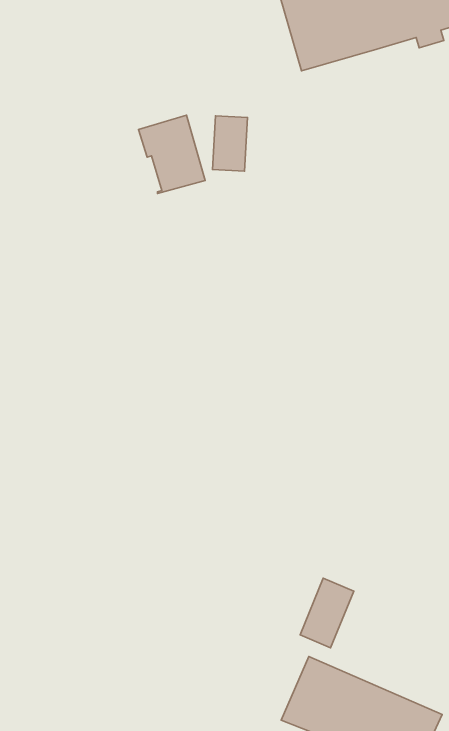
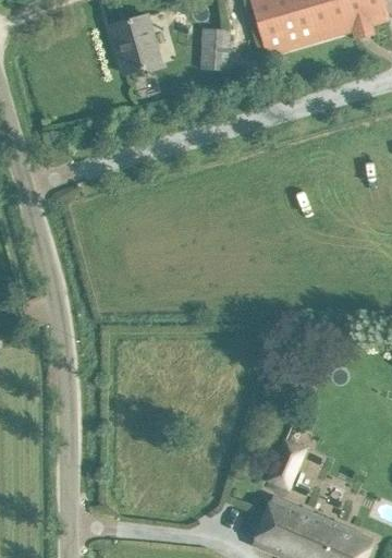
building: [139,115,205,193] -> [110,14,160,73]
building: [213,116,247,171] -> [201,28,228,70]

